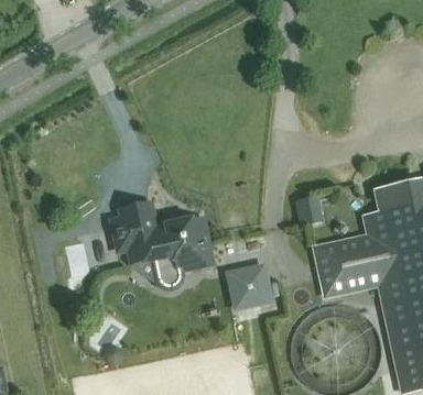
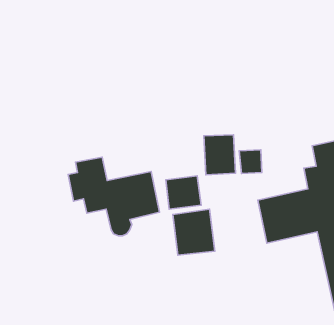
building: none -> [204,135,235,175]
building: none -> [166,176,201,209]

